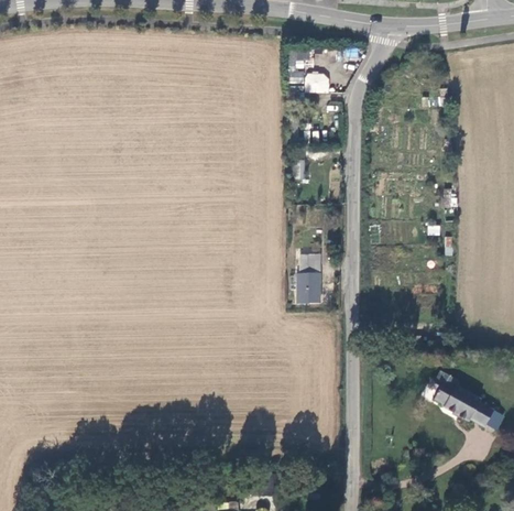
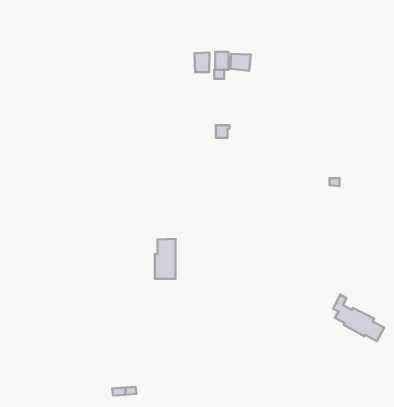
building: none -> [195,52,209,72]
building: [296,254,321,304] -> [155,239,175,279]

